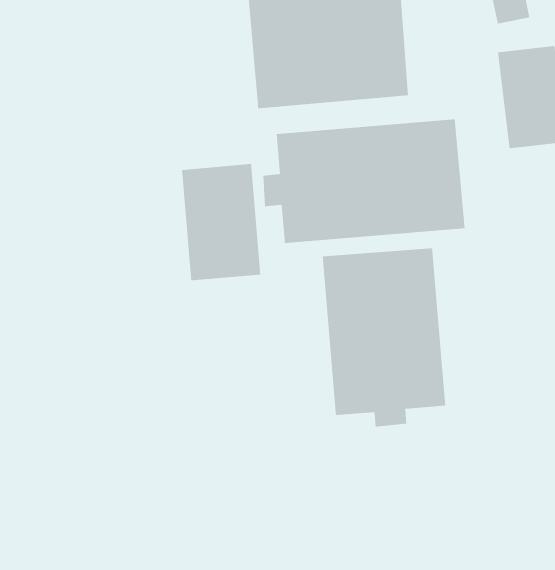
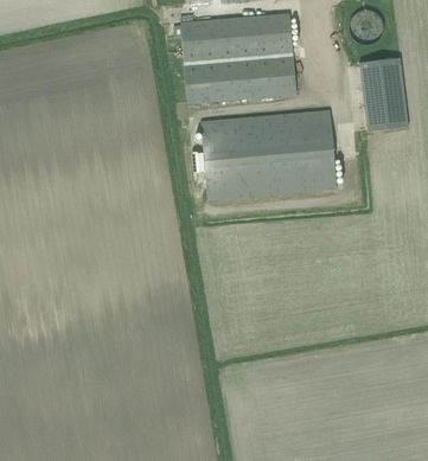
building: [182,163,261,281] -> none
building: [322,247,446,428] -> none

